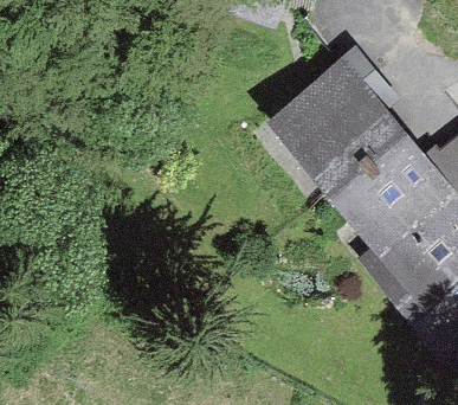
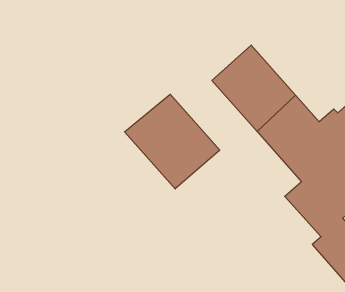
building: none -> [125,94,220,189]

